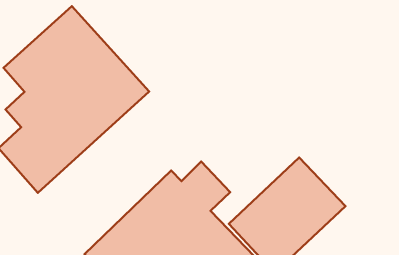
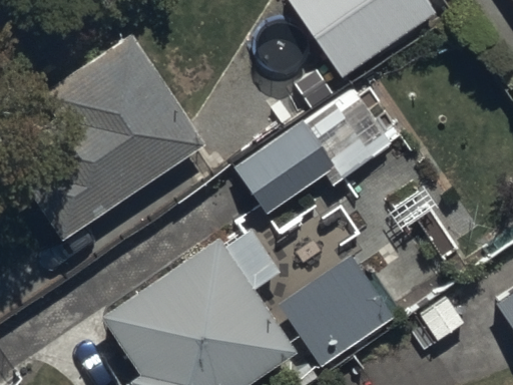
building: none -> [231,88,395,219]

